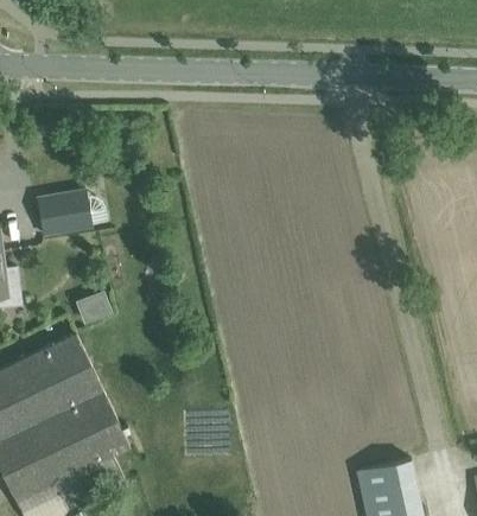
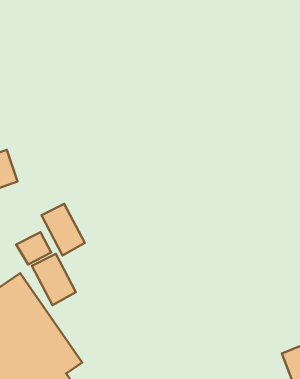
building: none -> [41,204,85,255]
building: none -> [32,254,76,305]

